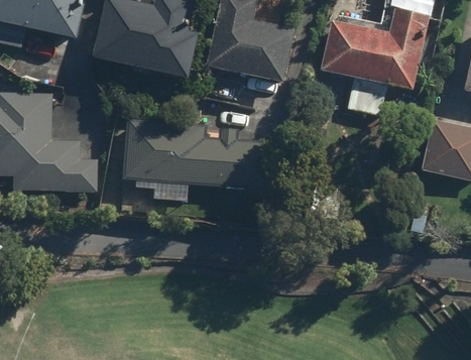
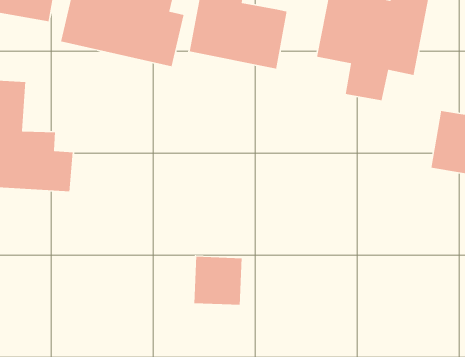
building: [123,118,286,187] -> none
building: none -> [194,256,242,306]

